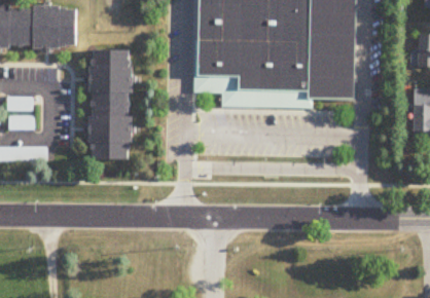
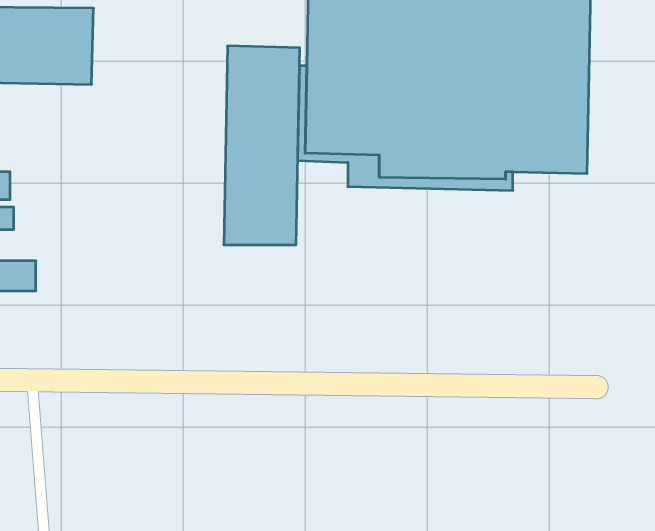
building: [89,48,132,158] -> [224,46,300,245]

